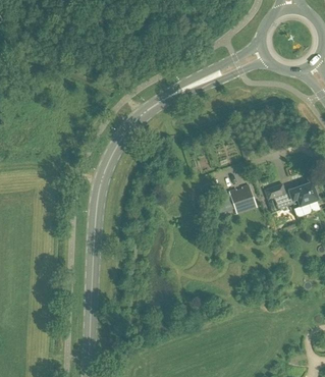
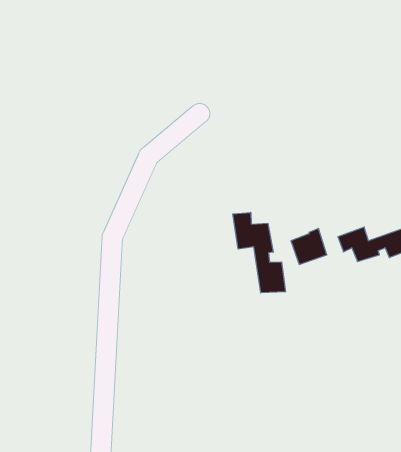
building: none -> [233,212,286,293]

